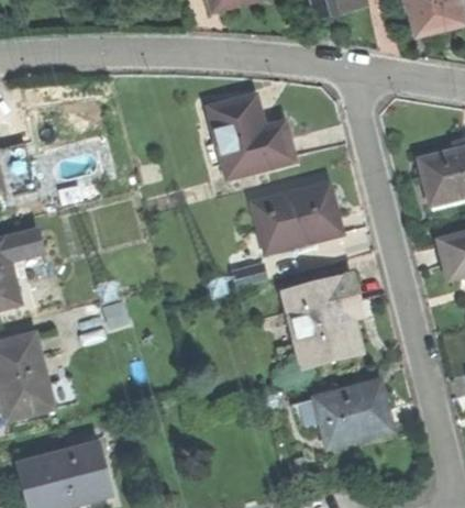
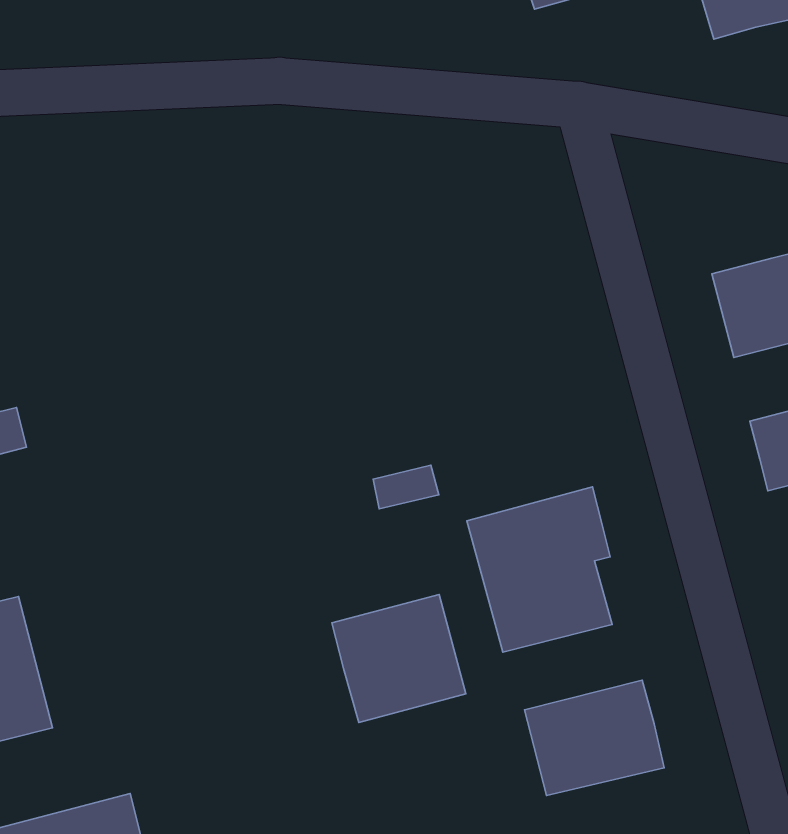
building: [206,95,294,176] -> none
building: [253,186,340,254] -> none
building: none -> [332,594,466,723]

